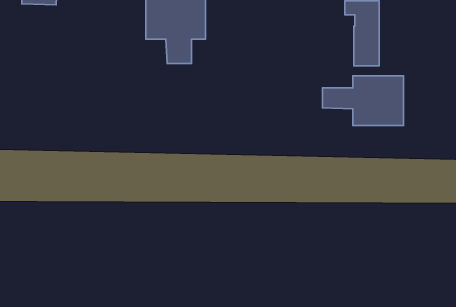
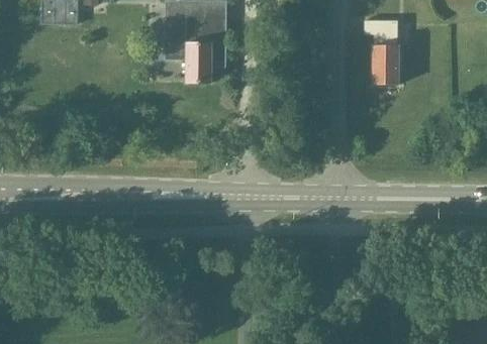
building: [323,76,403,126] -> none

